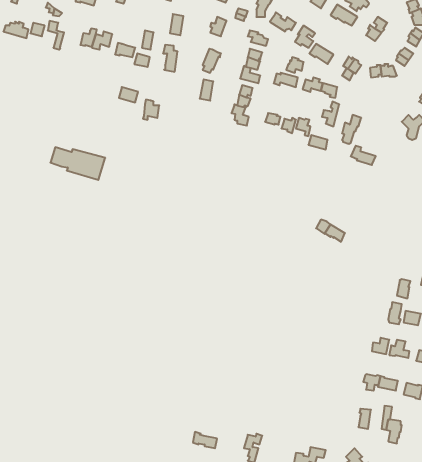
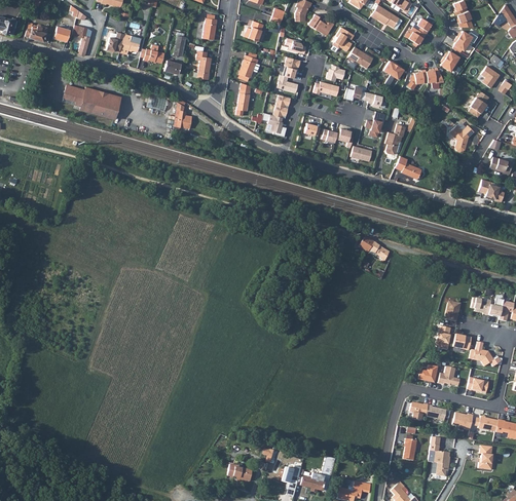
building: [50,147,105,180] -> [61,84,119,119]
building: none -> [300,458,333,492]

